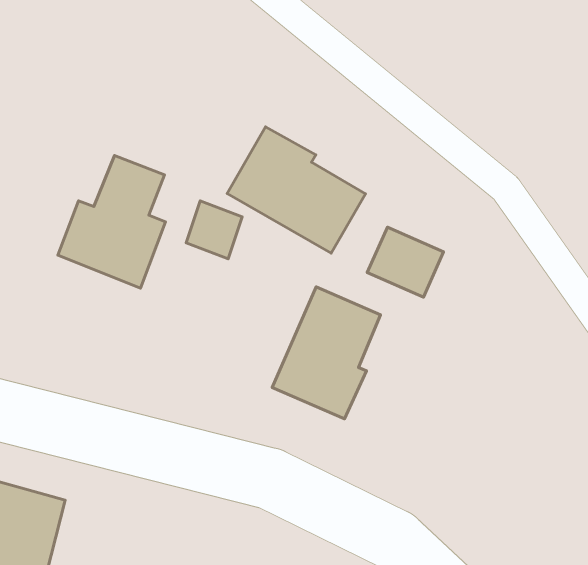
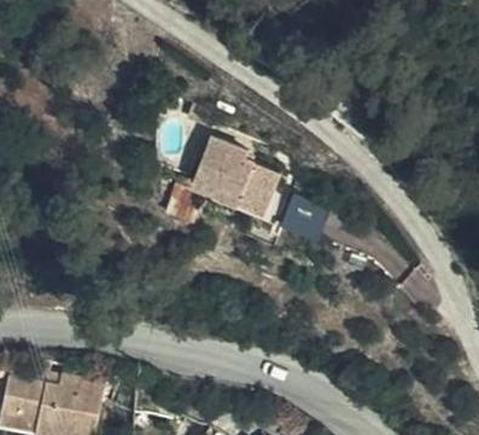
building: [58,156,166,288] -> none
building: [272,287,381,419] -> none

